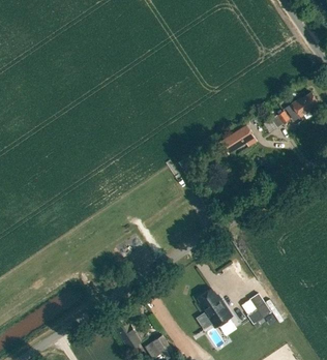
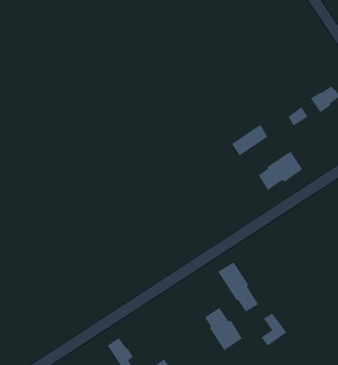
building: none -> [258,150,303,191]
building: none -> [217,262,259,313]

